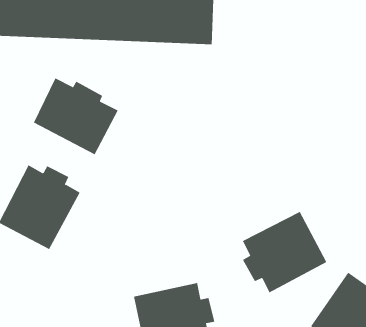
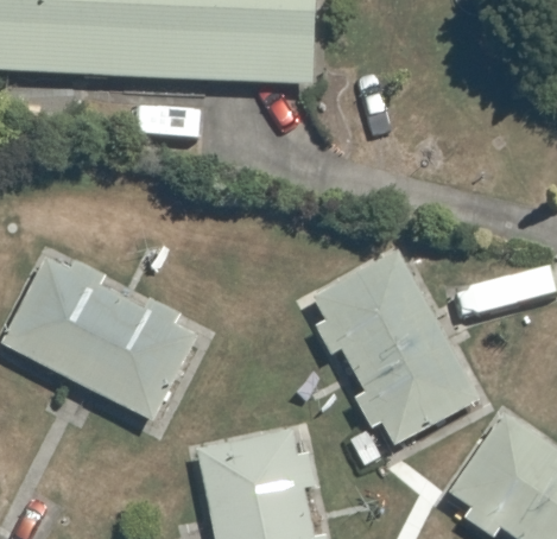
building: [33,78,118,155] -> none
building: none -> [315,251,439,368]
building: none -> [76,297,195,420]

